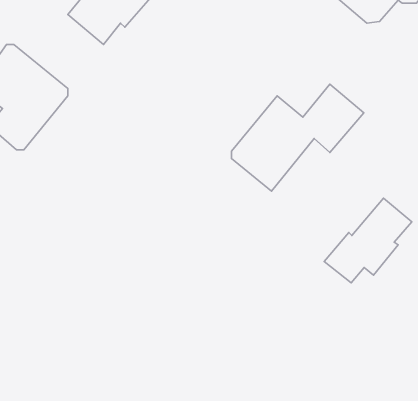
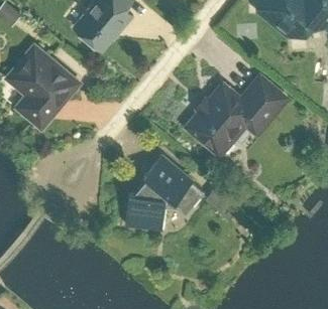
building: none -> [124,156,204,230]
building: [324,198,412,283] -> none

